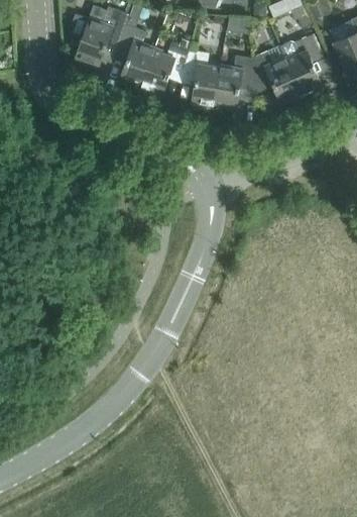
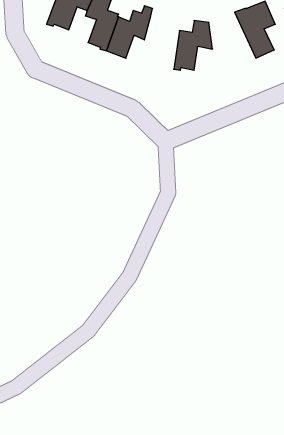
building: [252,45,303,105] -> none
building: [182,49,219,108] -> none

